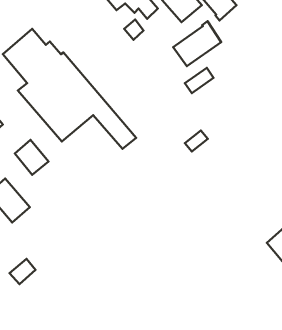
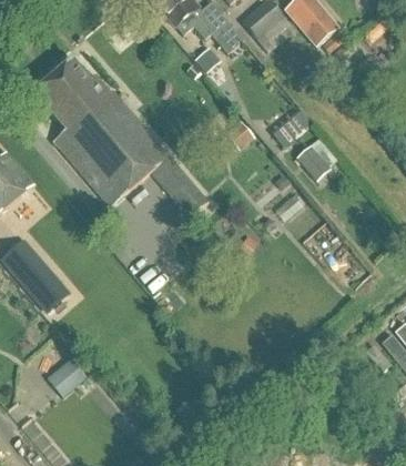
building: [173,21,221,66] -> none
building: none -> [293,138,335,181]
building: [15,140,49,175] -> none

